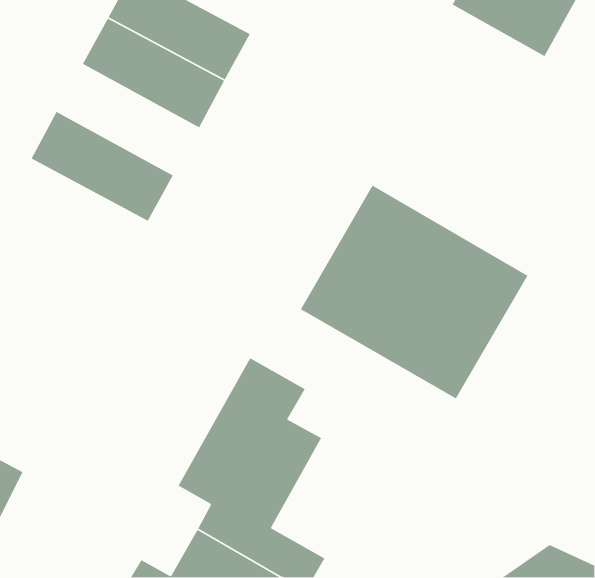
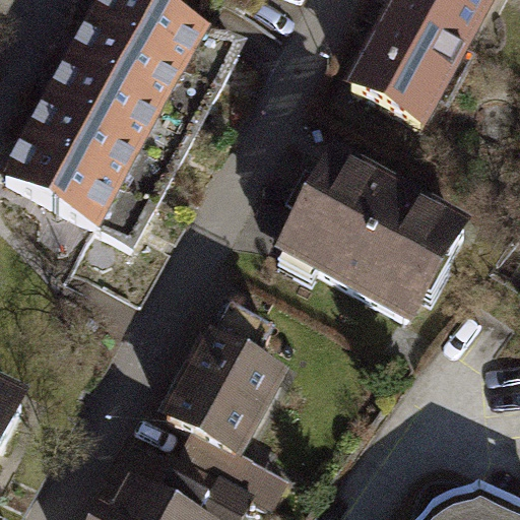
building: none -> [349,4,474,128]
building: none -> [49,56,174,152]
building: none -> [4,138,129,234]

